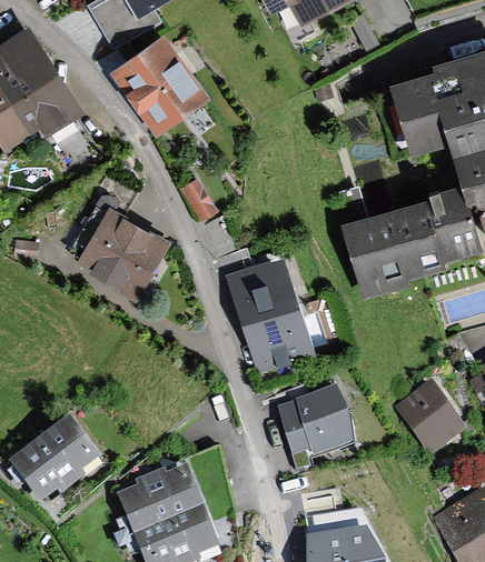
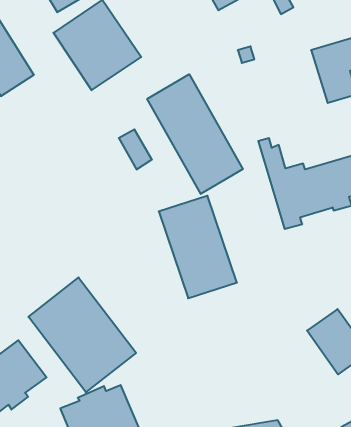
building: none -> [147,74,243,194]
building: [76,207,169,302] -> none
building: none -> [28,277,136,392]
building: [278,387,354,455] -> none

